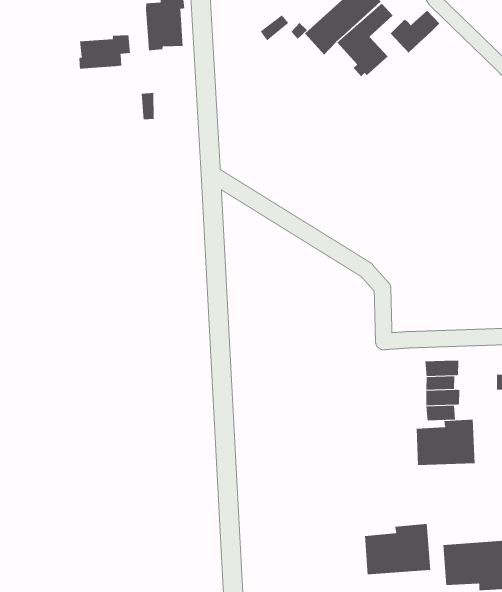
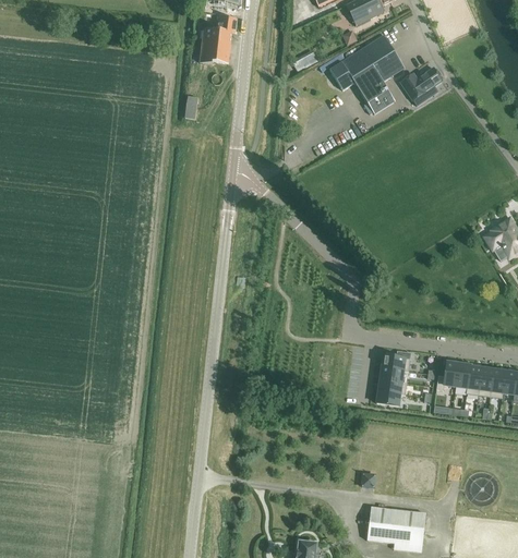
building: [79,35,131,69] -> none
building: [416,419,475,466] -> none
building: [364,523,431,575] -> none

